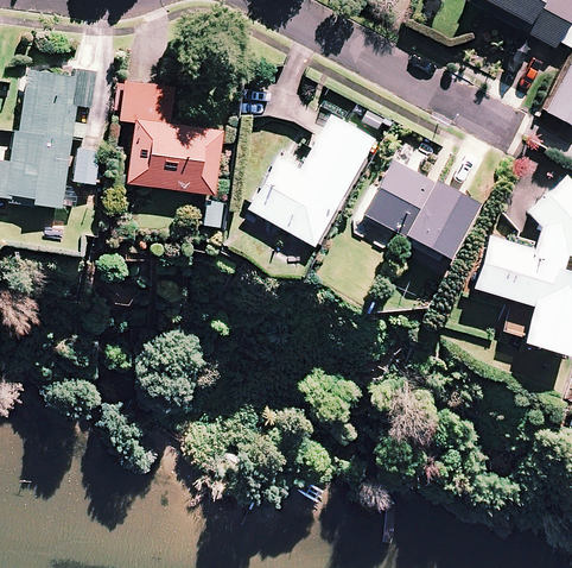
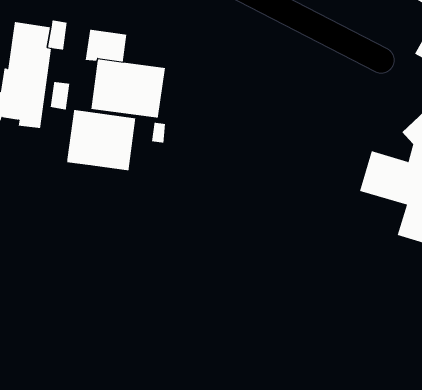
building: [249,114,376,246] -> none
building: [363,160,477,261] -> none
building: none -> [67,109,136,171]

